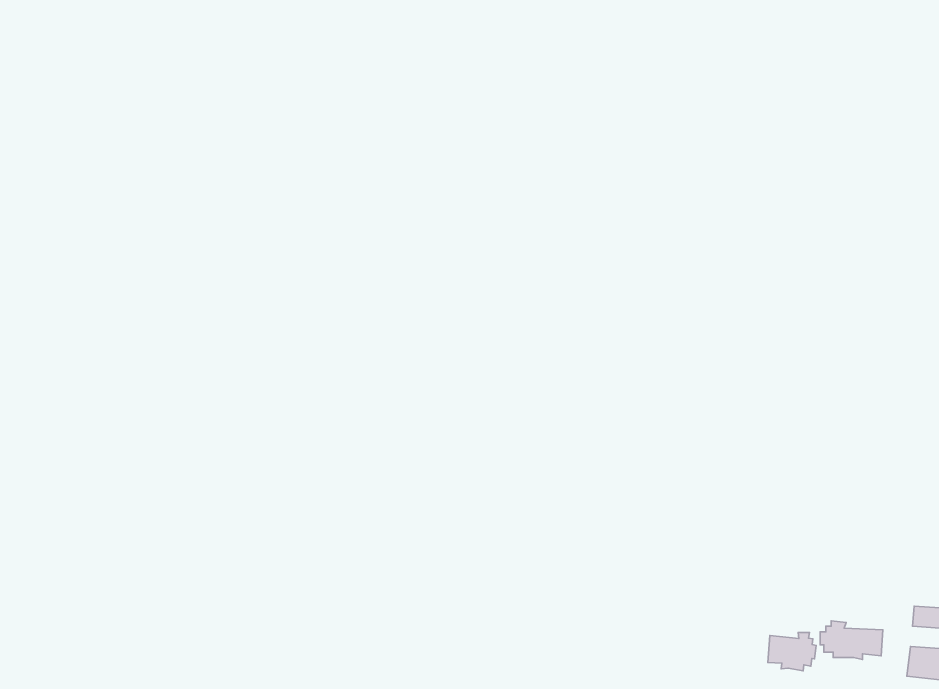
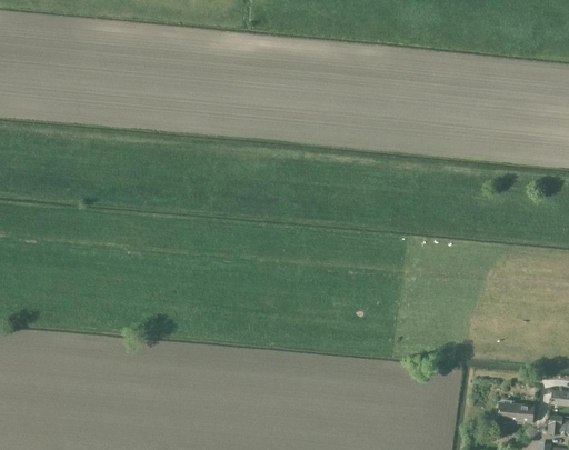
building: [768,632,816,671] -> none

